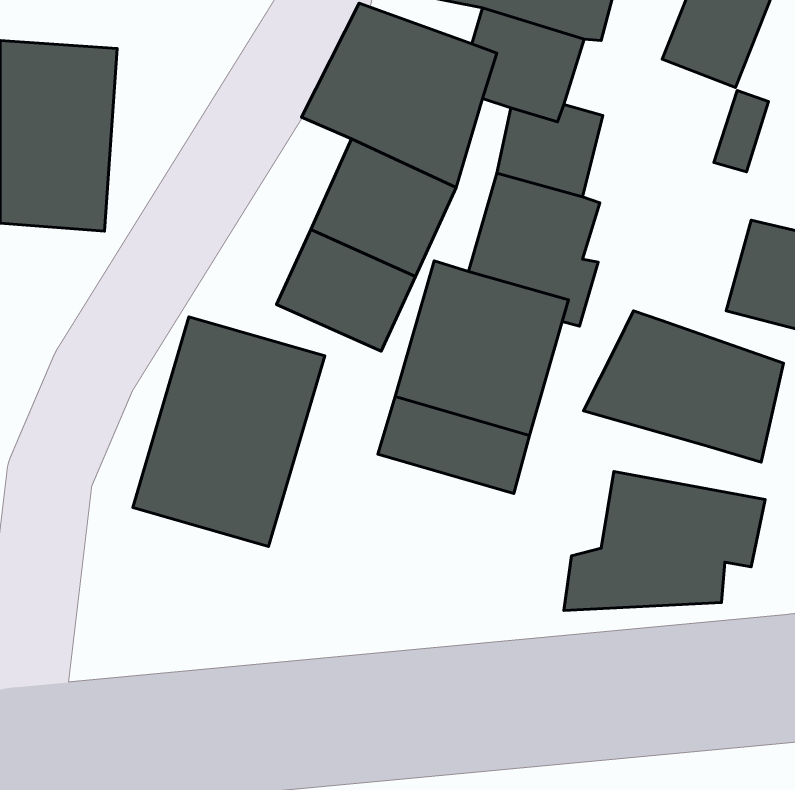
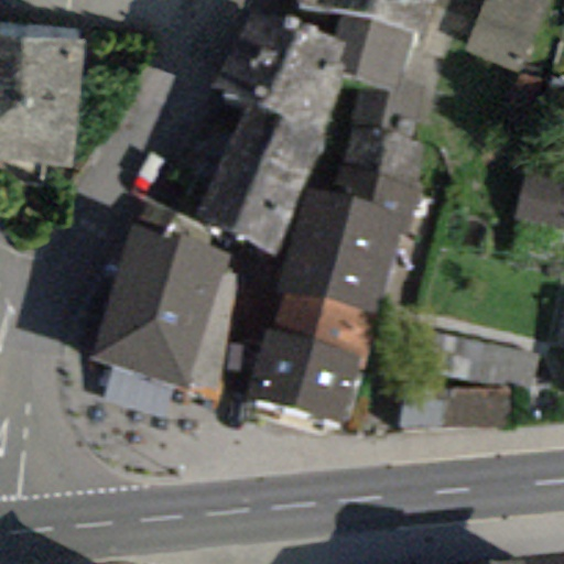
building: [583,311,784,462] -> none
building: none -> [248,321,365,424]

